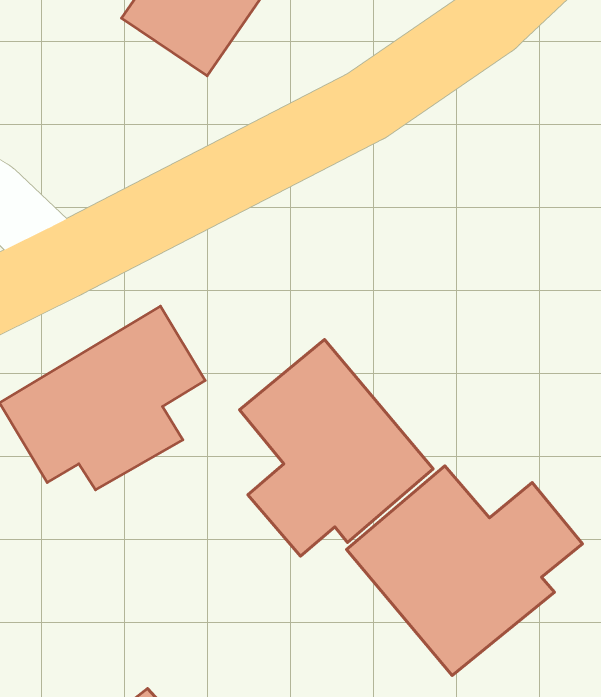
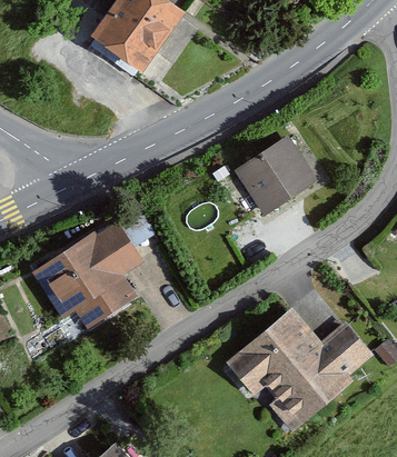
building: none -> [231,140,315,217]
building: [239,340,433,556] -> none

